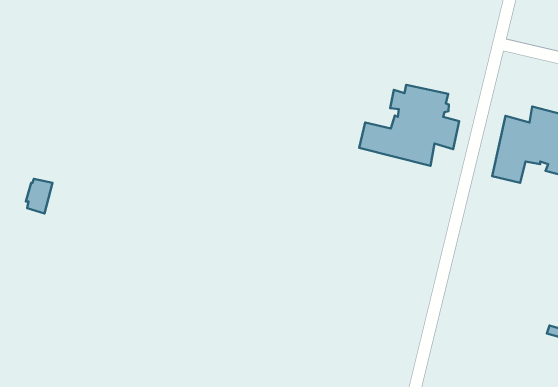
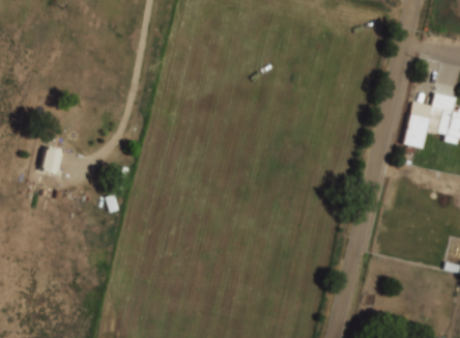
building: [359,85,459,166] -> none

